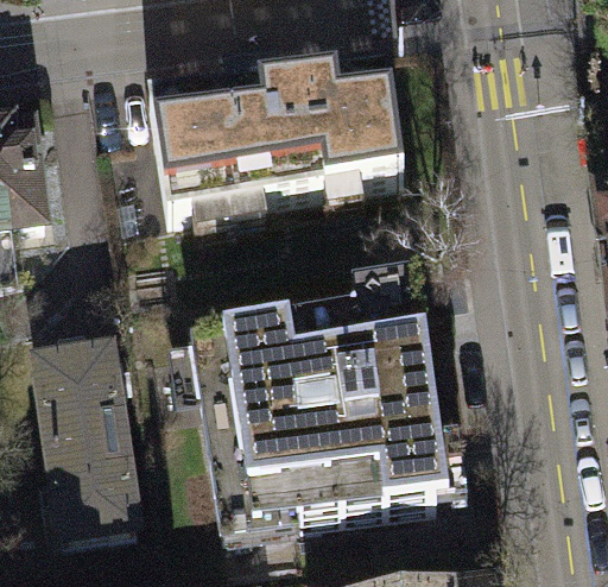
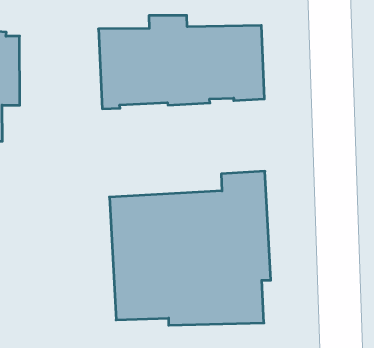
building: [39,345,139,536] -> none

